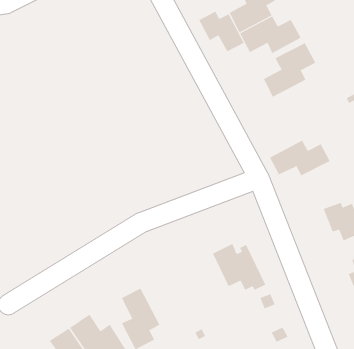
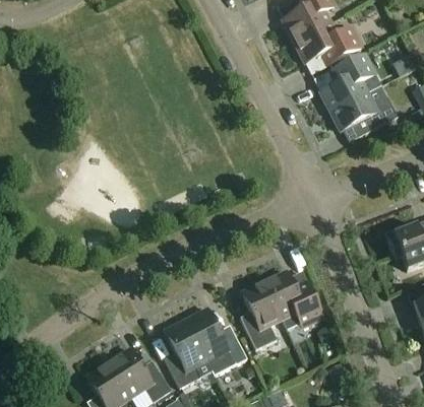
building: [198,11,244,52] -> none
building: [269,140,330,176] -> [329,91,397,131]
building: none -> [239,281,281,348]
building: none -> [185,308,246,374]

